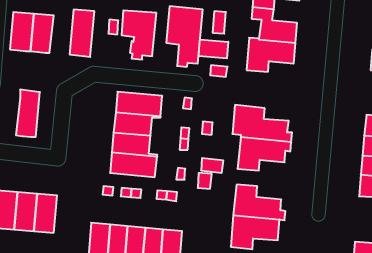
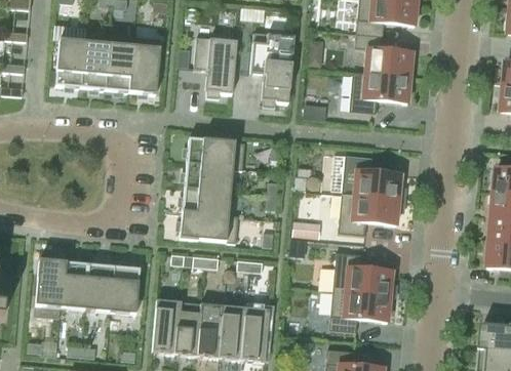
building: [199,40,228,58] -> none
building: [16,90,40,137] -> [105,33,134,91]
building: none -> [110,265,140,315]

